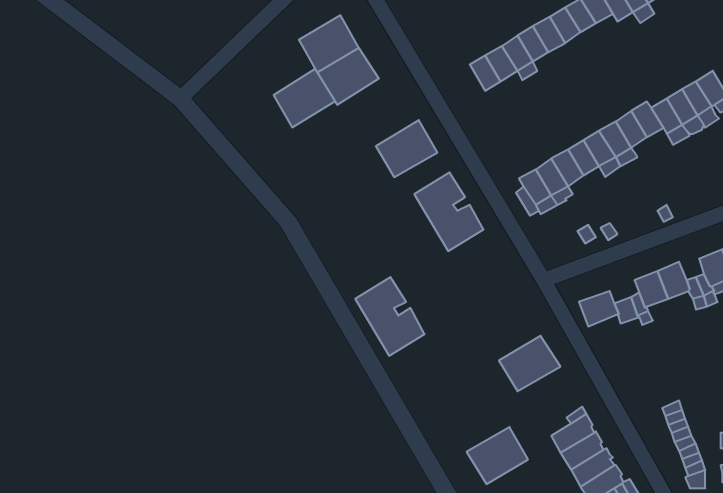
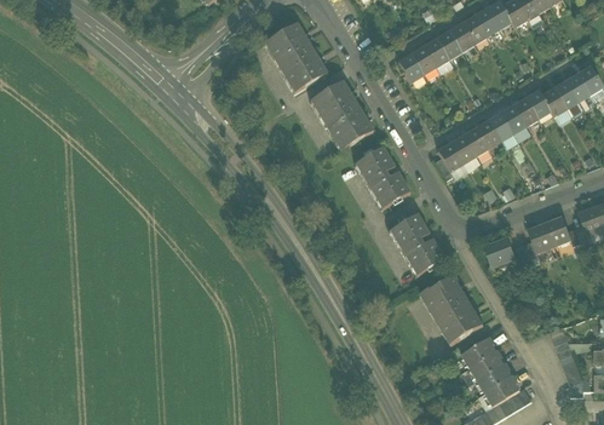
building: [274,69,335,127] -> [310,79,358,125]
building: [355,277,425,356] -> [390,212,444,274]
building: [467,427,528,484] -> [436,298,484,343]

